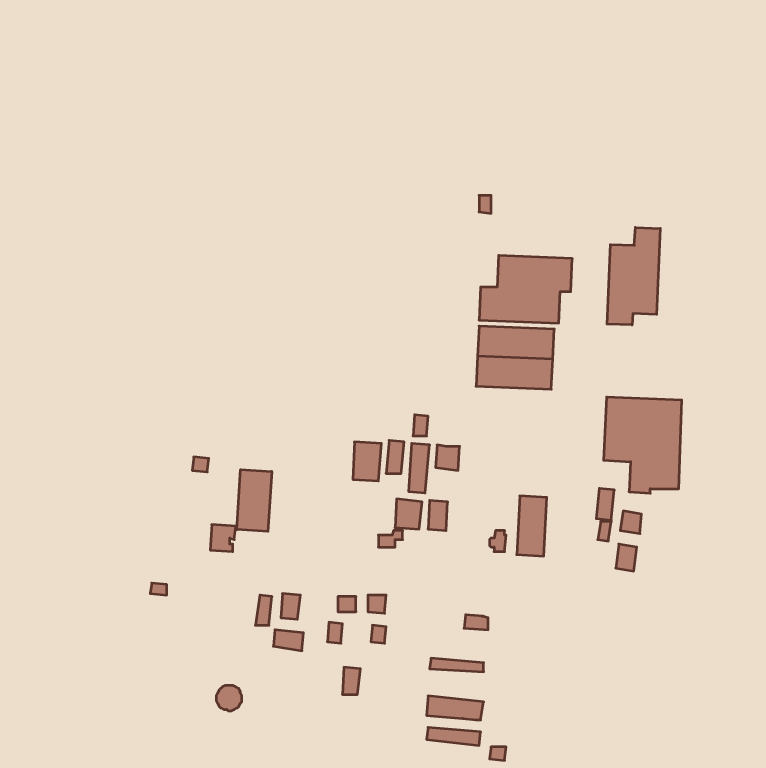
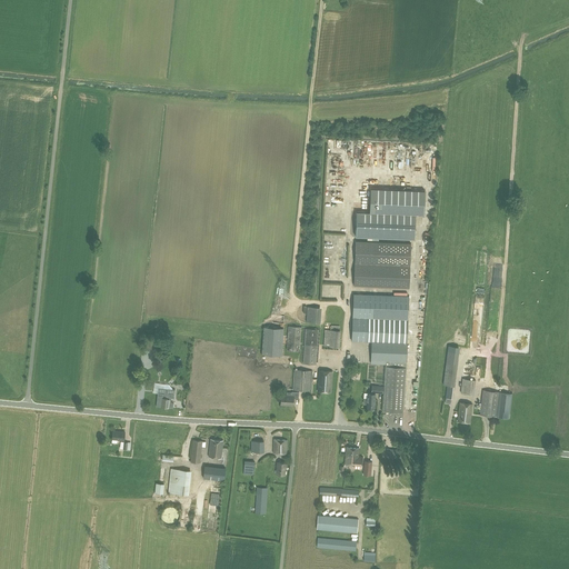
building: [607,227,660,325] -> none
building: [604,397,682,493] -> [350,293,408,365]
building: [237,470,272,531] -> none
building: none -> [479,390,510,418]
building: none -> [167,469,190,495]

